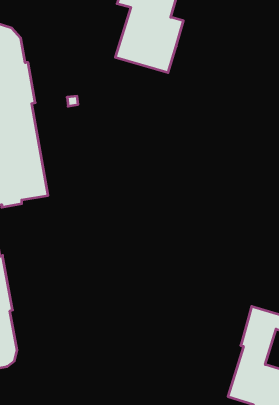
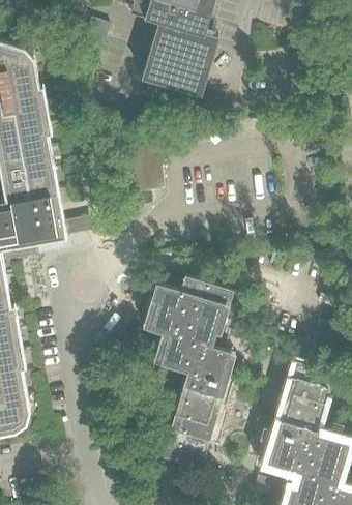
building: none -> [147,278,233,472]

